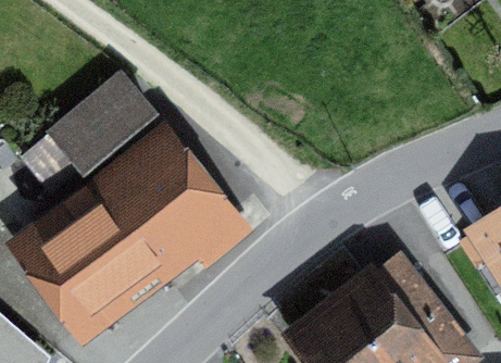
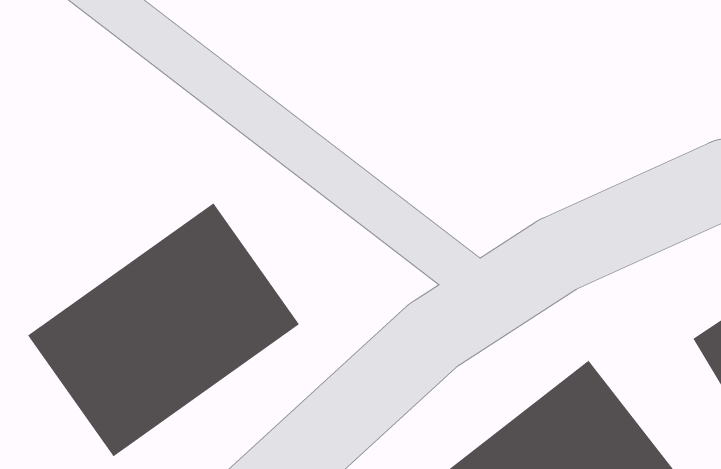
building: [33,70,139,171] -> none

